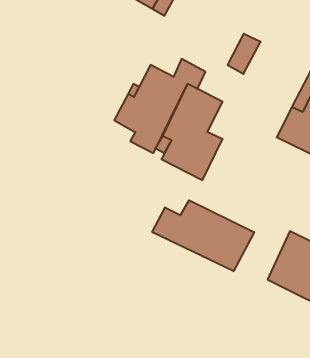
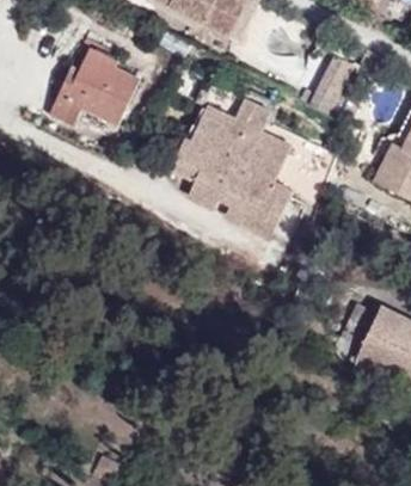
building: none -> [45,55,135,123]
building: [152,200,254,271] -> none

